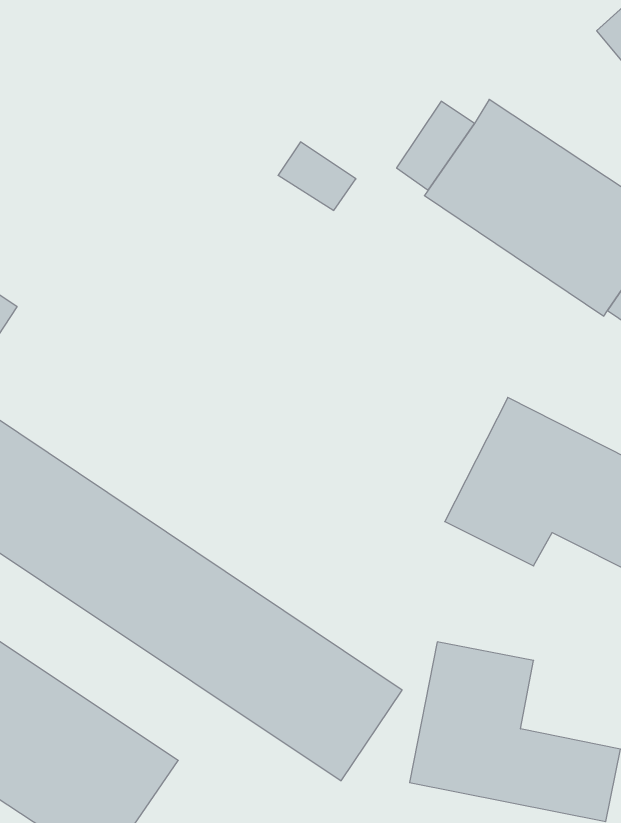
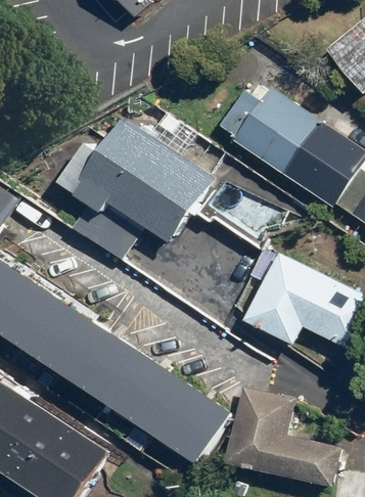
building: none -> [61,117,217,260]

